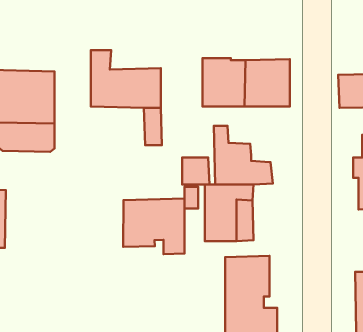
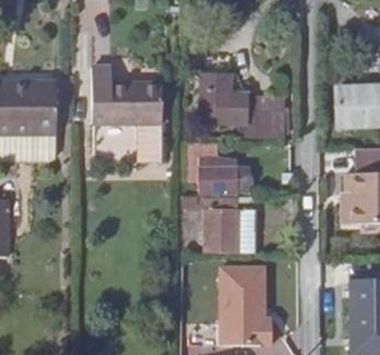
building: [123,198,185,254] -> none

